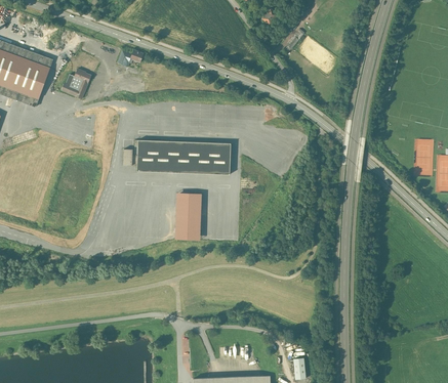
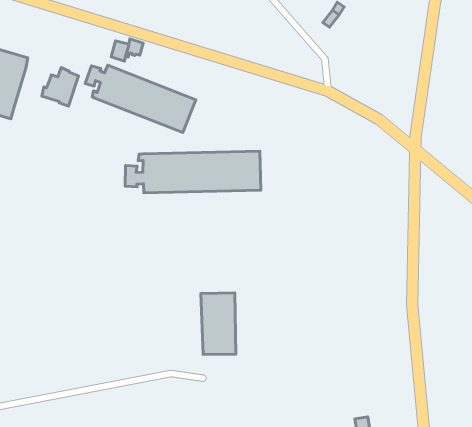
building: none -> [85,65,196,133]
building: [175,192,203,241] -> [201,293,236,355]

